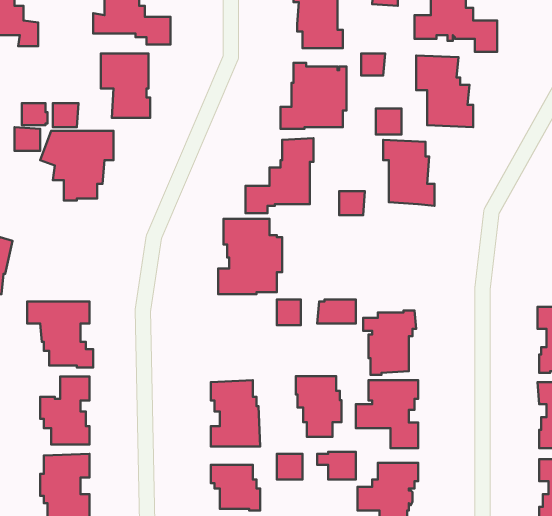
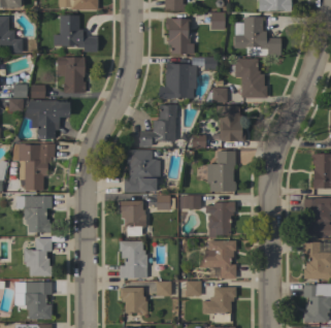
building: none -> [19,143,55,190]
building: none -> [207,151,236,192]
building: [296,376,342,437] -> [121,201,146,235]

